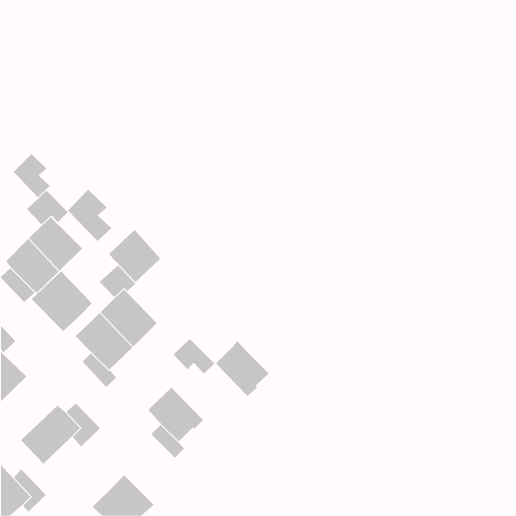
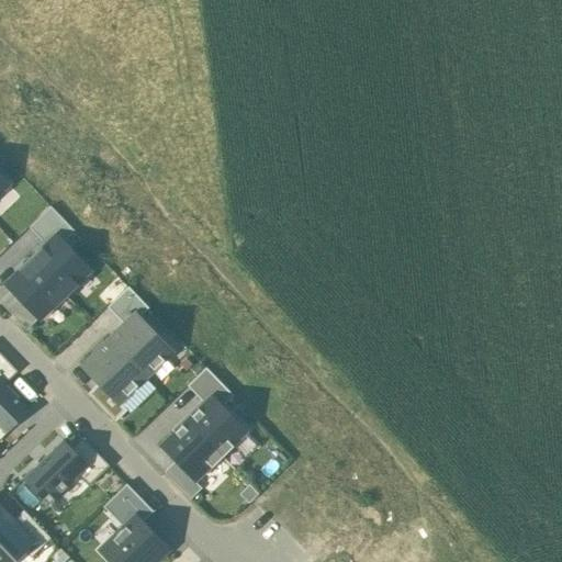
building: [13,153,51,198] -> none
building: [67,189,112,242] -> none
building: [108,229,161,283] -> none
building: [31,271,93,332] -> none
building: [215,340,270,397] -> [187,395,246,457]
building: none -> [103,484,154,528]

